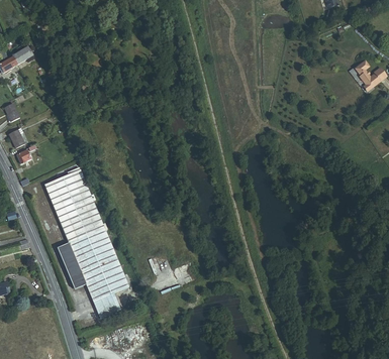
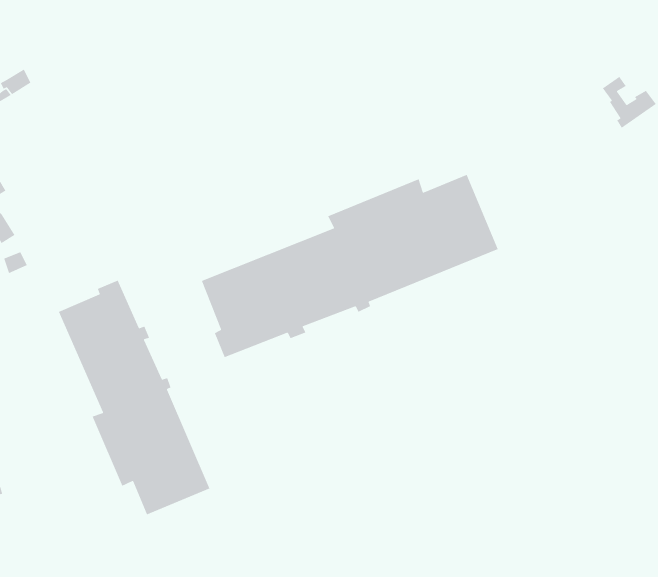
building: none -> [201,174,499,358]

